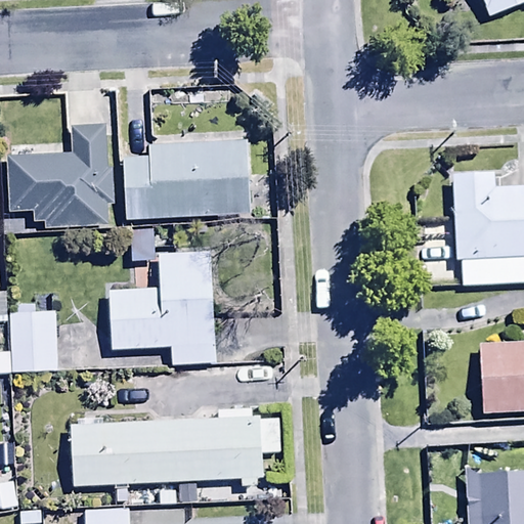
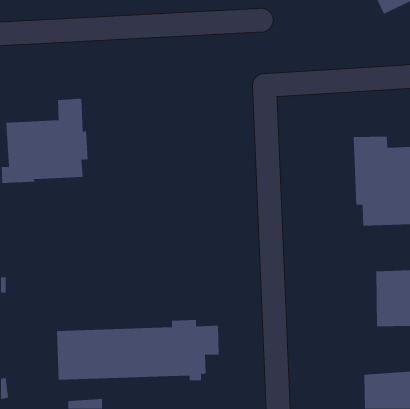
building: [125,137,250,218] -> none
building: [108,250,217,368] -> none
building: [9,310,60,373] -> none

